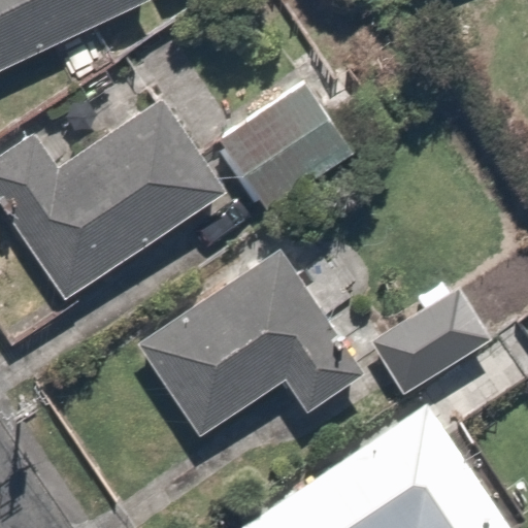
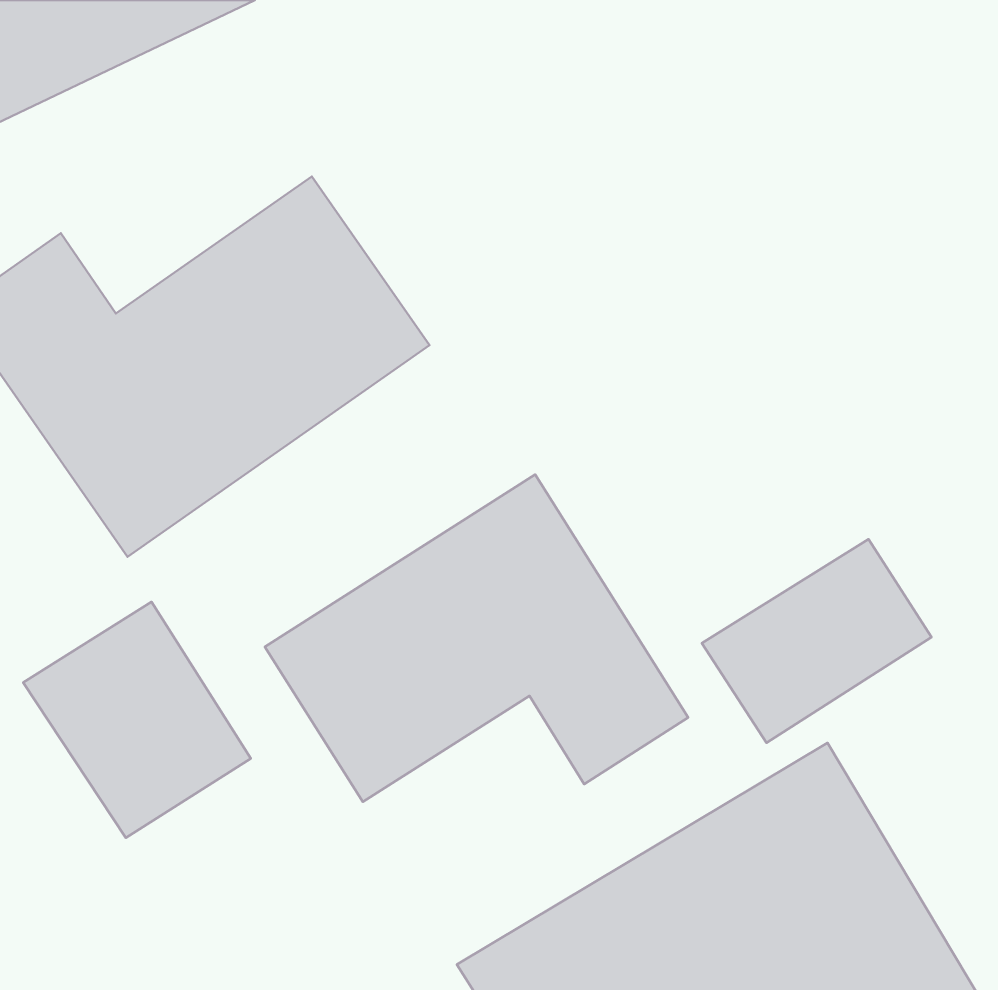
building: [211,74,360,218] -> none
building: none -> [23,602,251,838]

